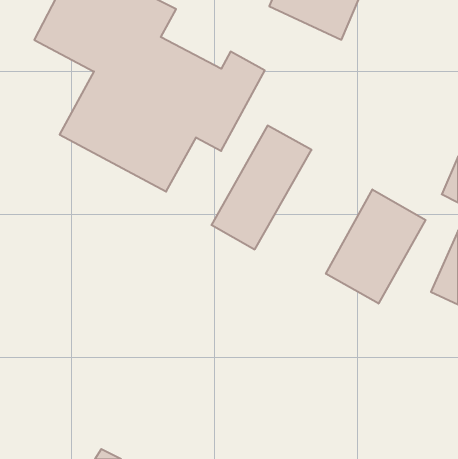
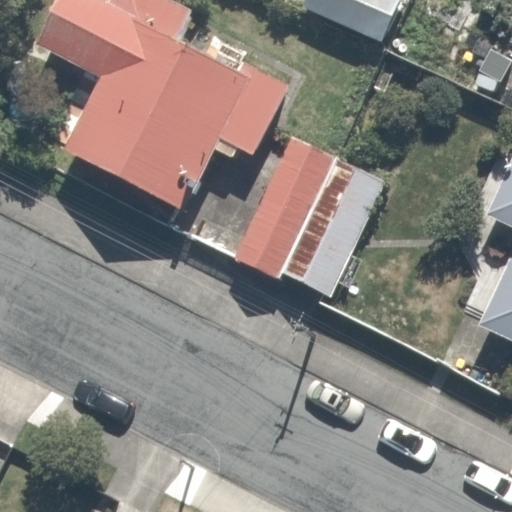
building: [326,189,426,304] -> none

